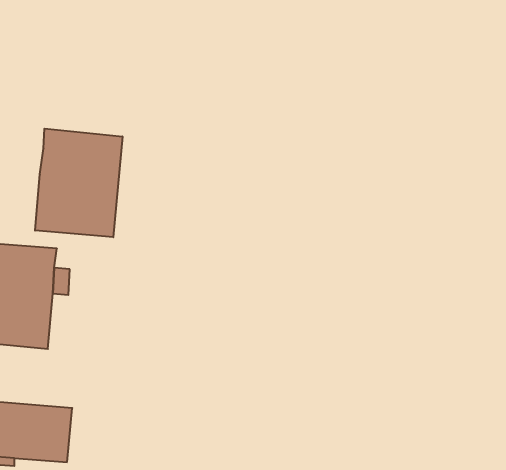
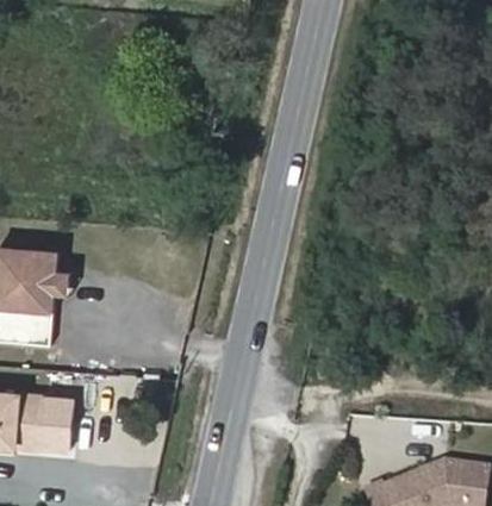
building: [35,129,122,237] -> none

